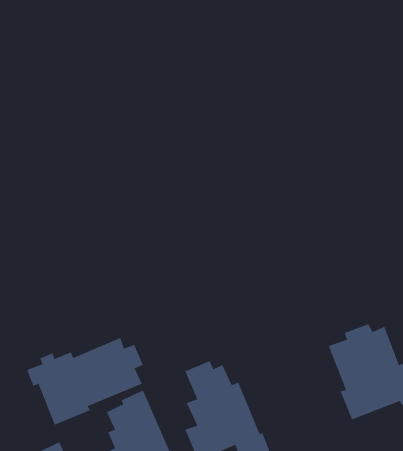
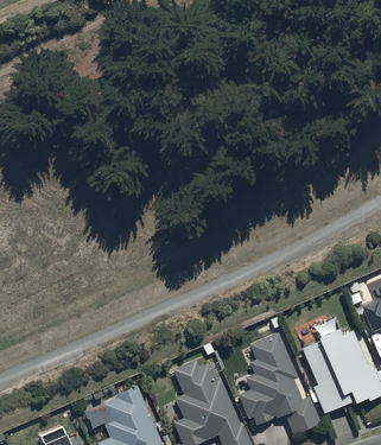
building: none -> [239,333,320,434]
building: [27,337,144,425] -> none

